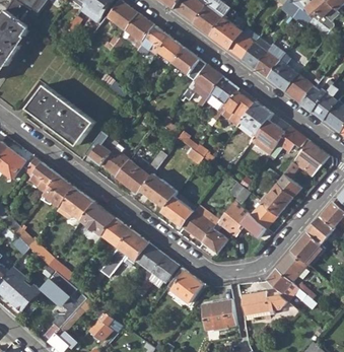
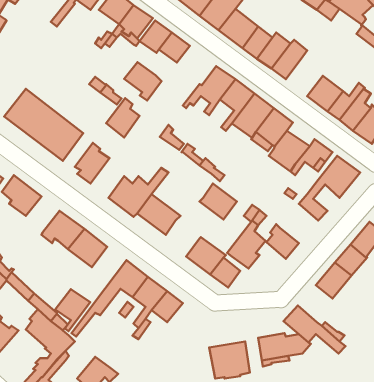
building: [173,48,204,80] -> [124,62,161,100]
building: [265,59,296,90] -> none
building: [99,143,128,177] -> [106,98,140,138]
building: [40,175,73,206] -> none
building: [260,183,292,215] -> none
building: [160,196,192,226] -> [200,184,237,219]
building: [100,218,130,254] -> [55,289,90,331]
building: [275,252,306,282] -> none
building: [166,267,203,302] -> none

